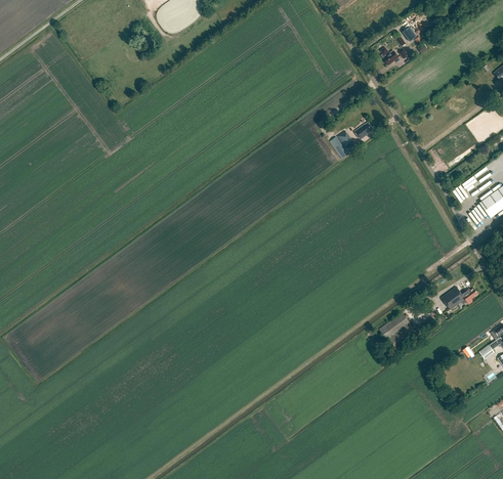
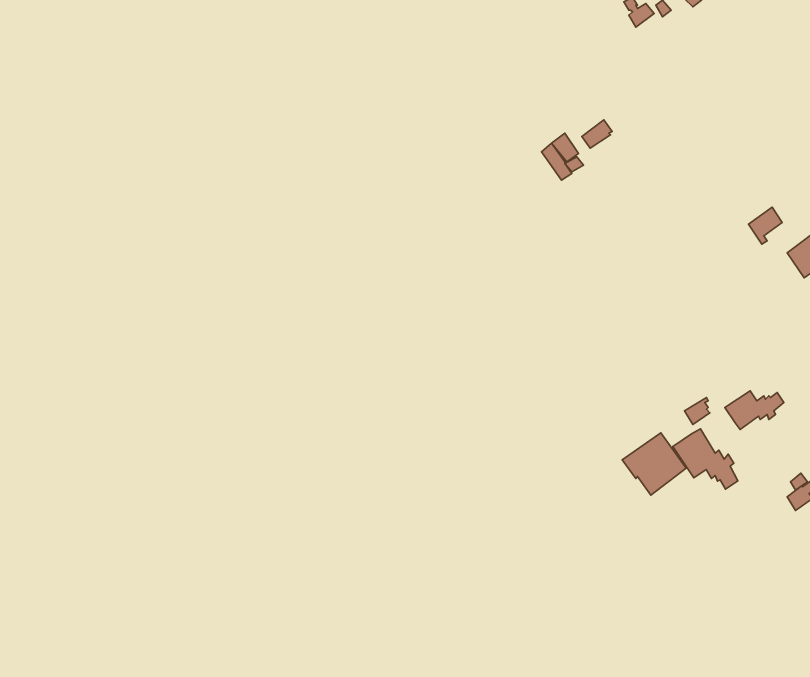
building: none -> [673,429,738,489]

